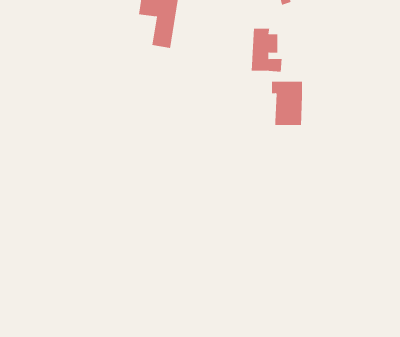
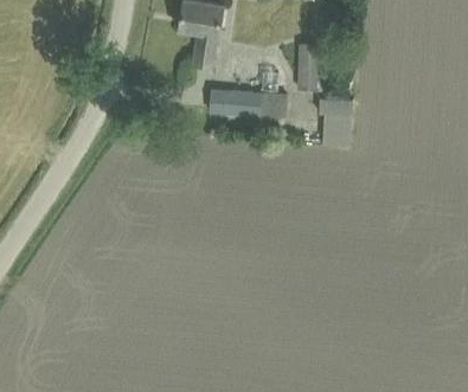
building: none -> [209,66,287,118]

